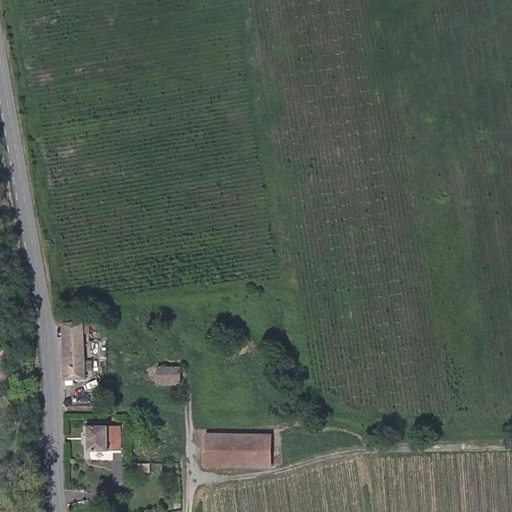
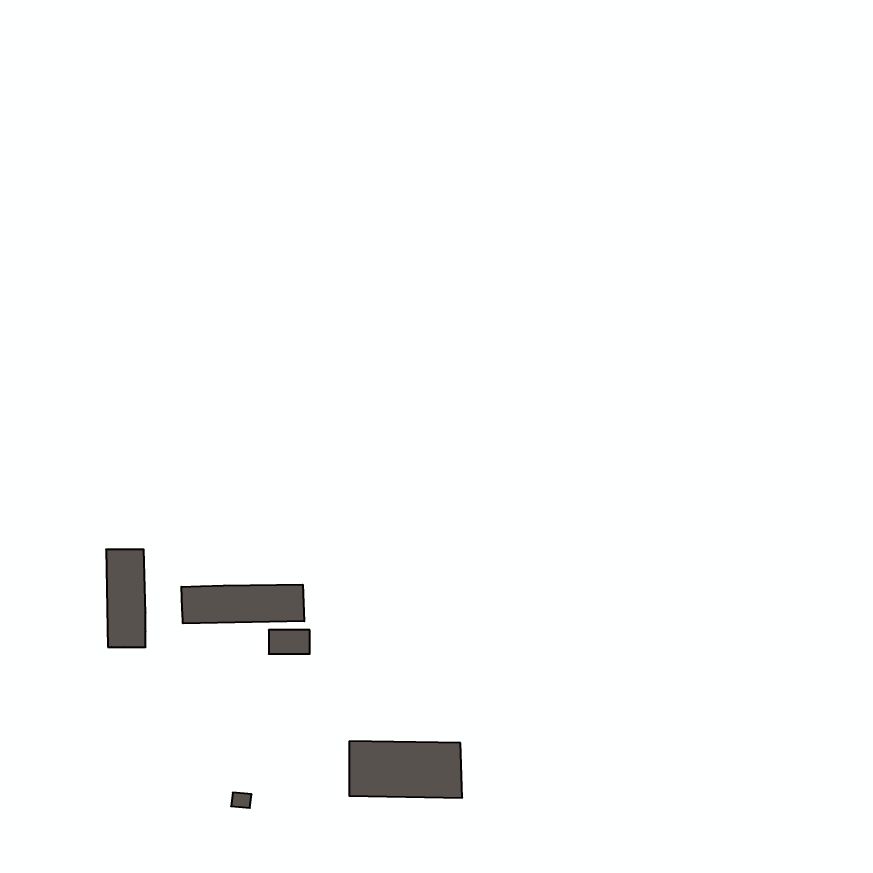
building: none -> [181,585,304,623]
building: [87,425,120,452] -> none

